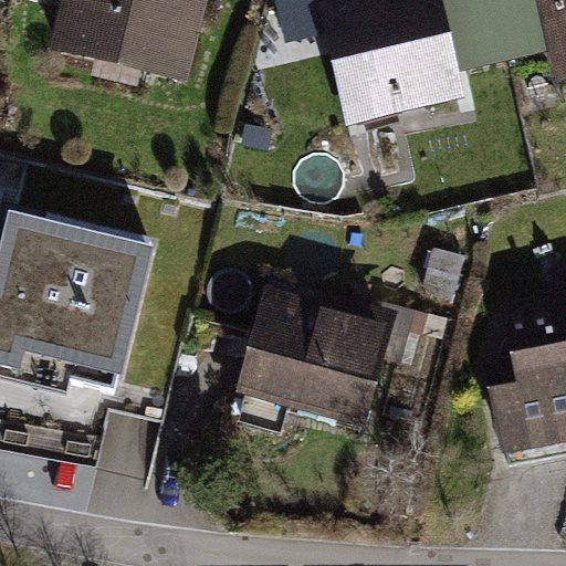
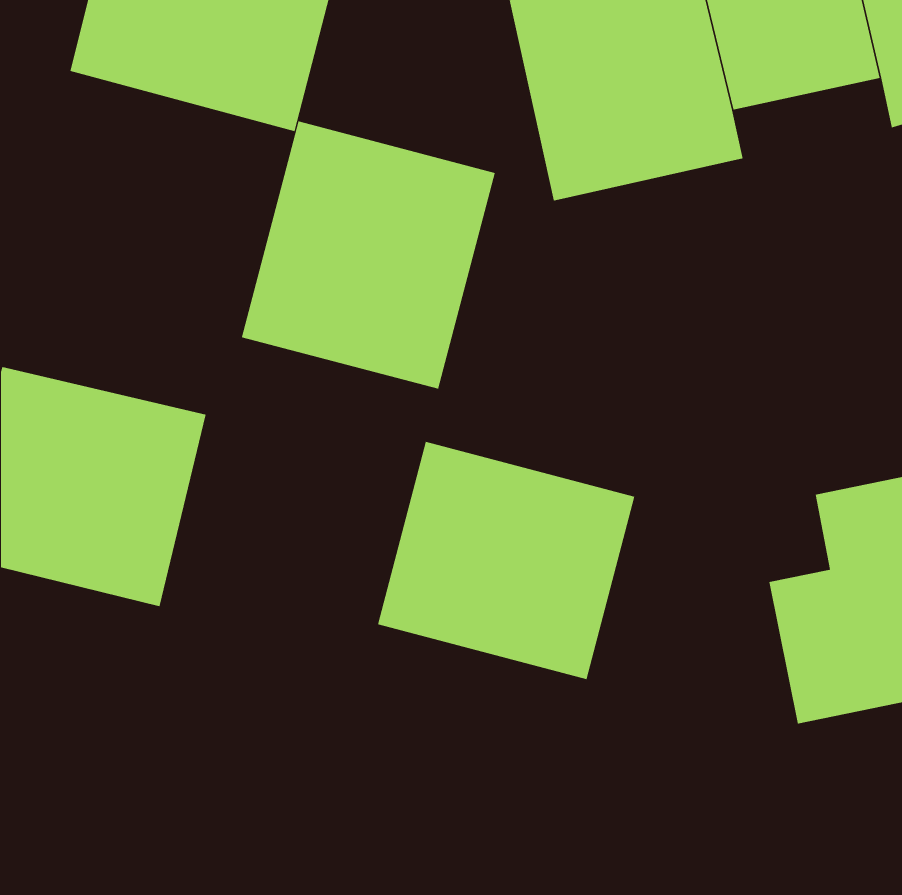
building: none -> [241,121,496,390]

